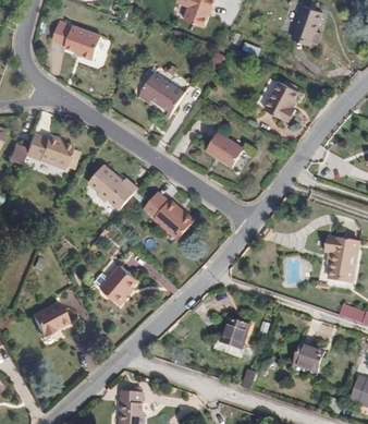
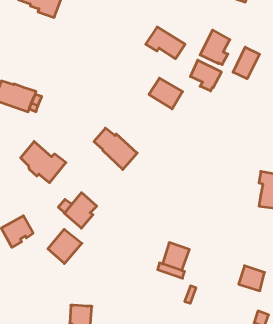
building: [134,73,179,109] -> [146,27,185,59]
building: none -> [233,47,260,79]
building: none -> [190,60,221,91]
building: [84,163,135,210] -> [21,141,66,183]
building: none -> [48,229,82,264]

